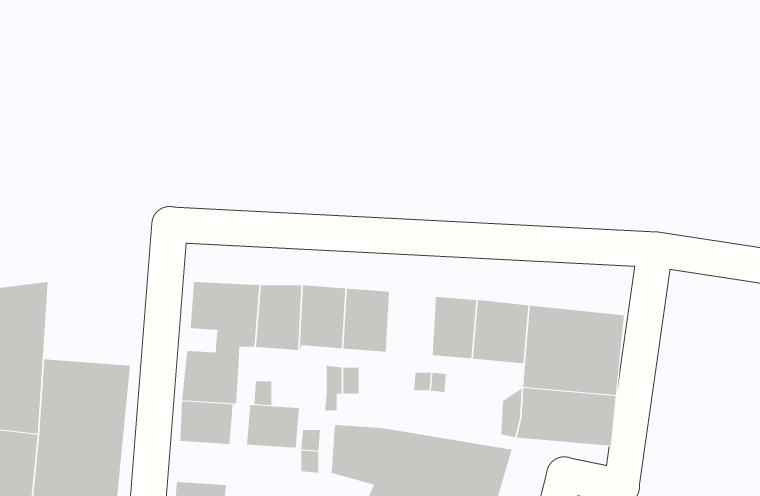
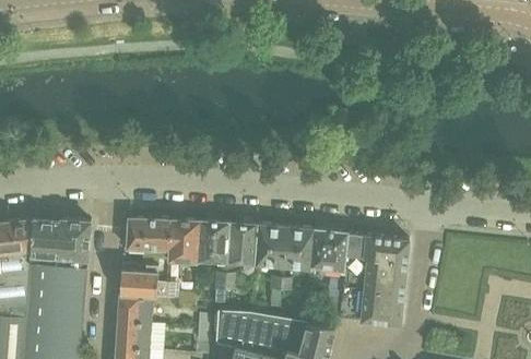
building: none -> [30,218,90,273]
building: none -> [252,225,284,266]
building: [246,404,300,448] -> [116,322,151,350]

